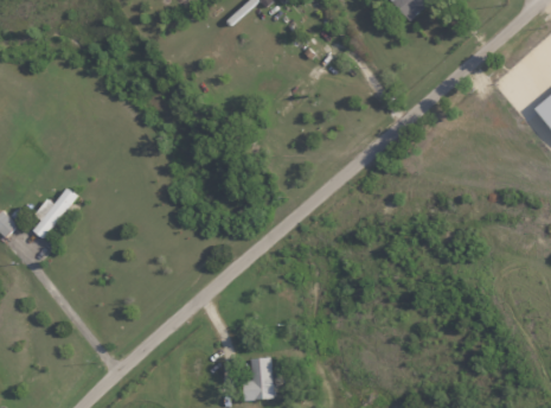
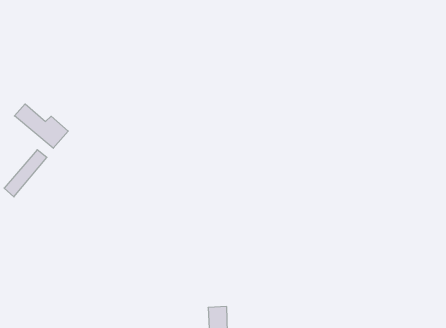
building: none -> [14,104,68,148]

